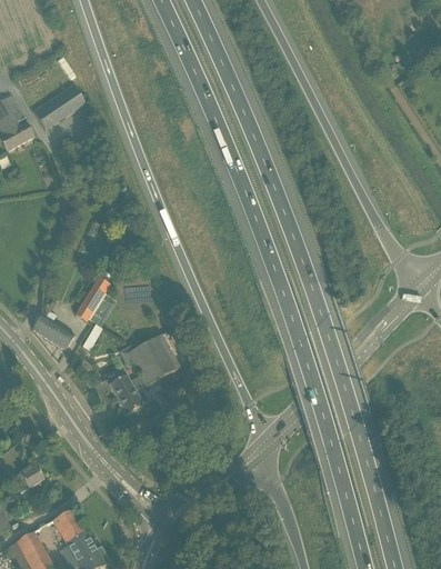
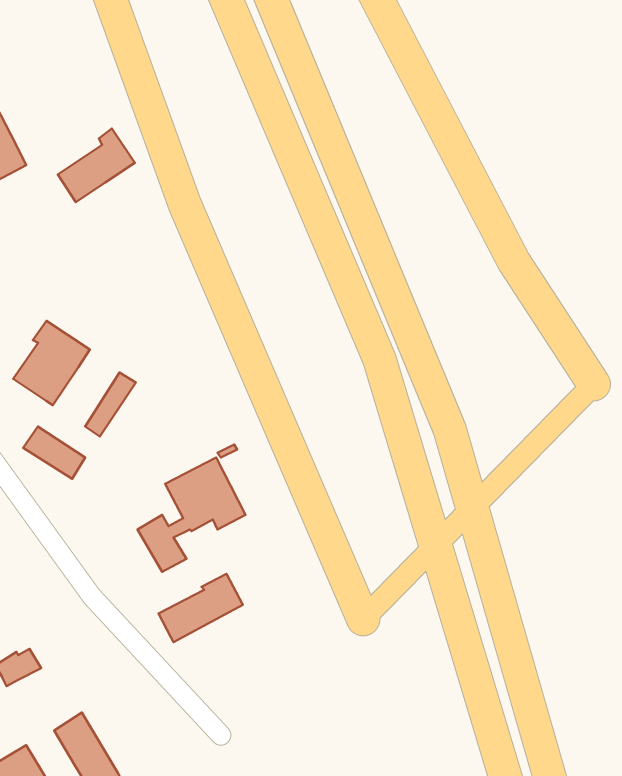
building: [32,79,84,129] -> [58,129,135,202]
building: none -> [13,321,90,405]
building: none -> [158,574,243,642]

